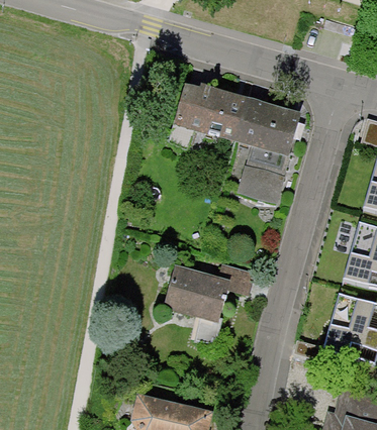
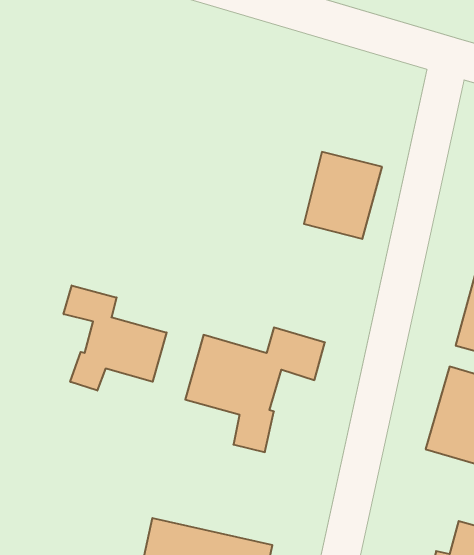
building: [180,84,305,155] -> none
building: none -> [64,285,167,391]

